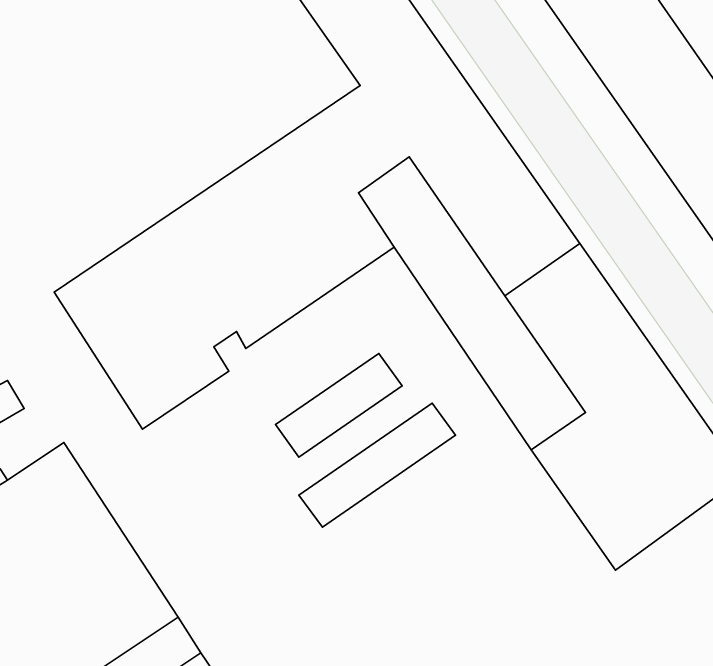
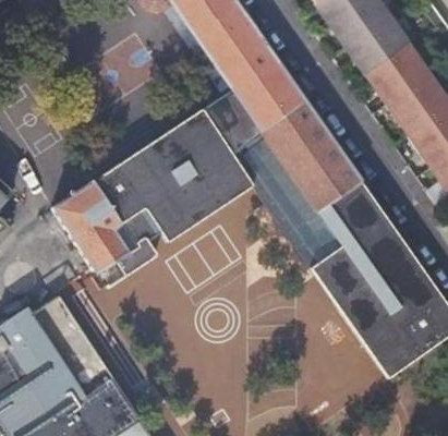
building: [276,353,402,457] -> none
building: [299,403,456,527] -> none

